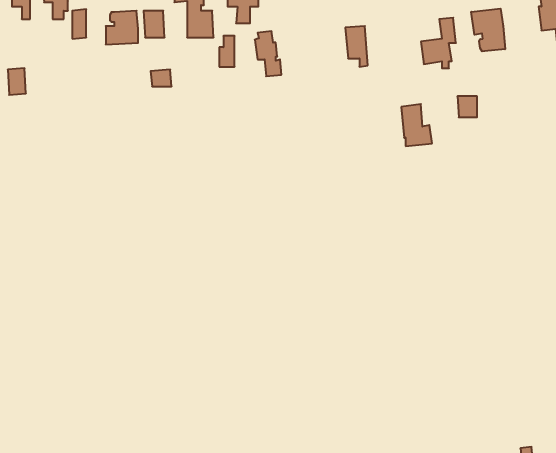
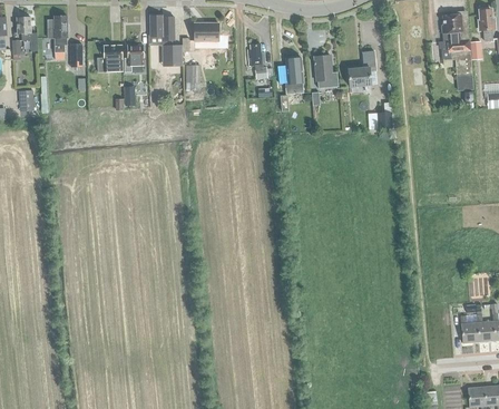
building: [471,9,505,51] -> none
building: [255,31,281,76] -> [246,42,267,78]
building: [401,104,432,146] -> [313,53,337,87]

